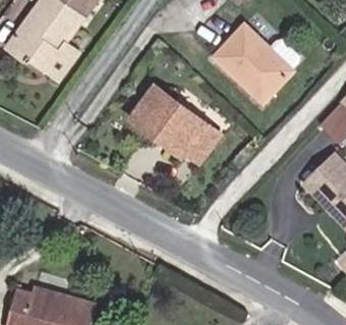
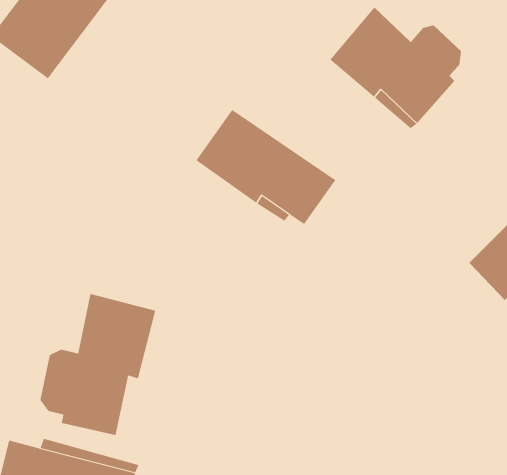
building: none -> [40,293,156,436]

